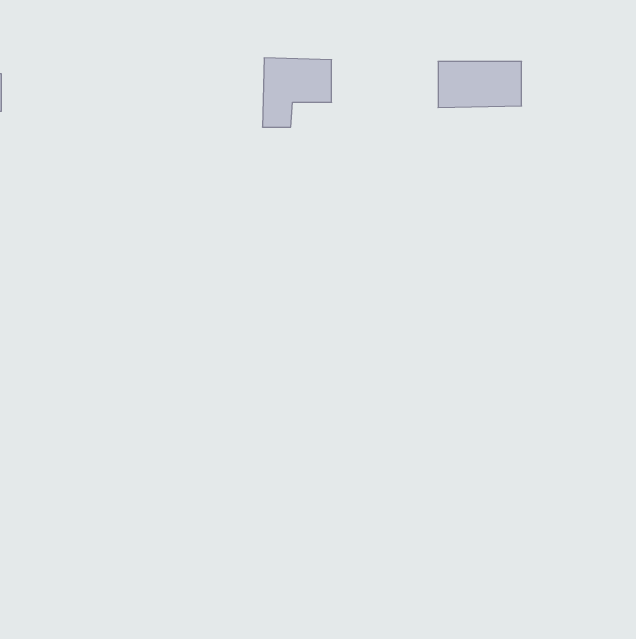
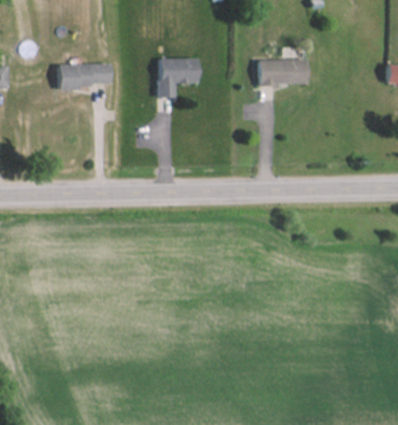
building: none -> [60,65,111,88]

